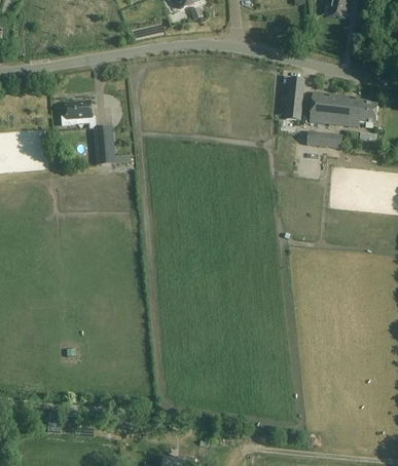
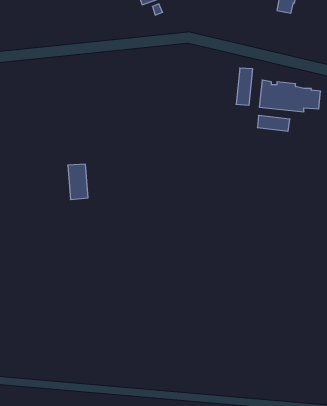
building: [65,99,92,118] -> none
building: [93,125,115,164] -> [68,164,88,200]

